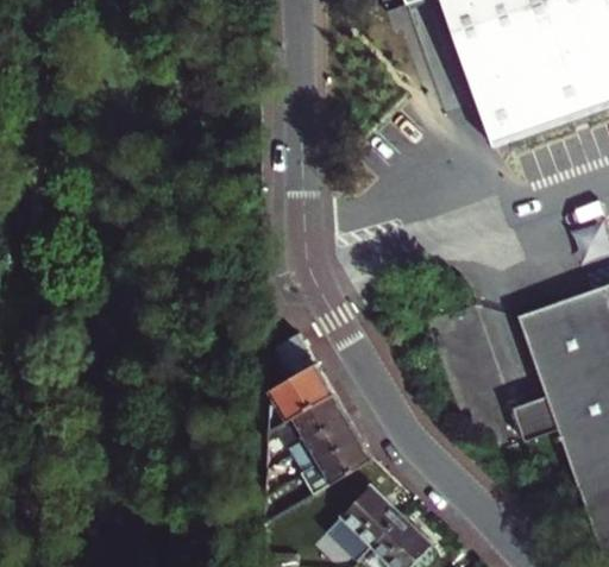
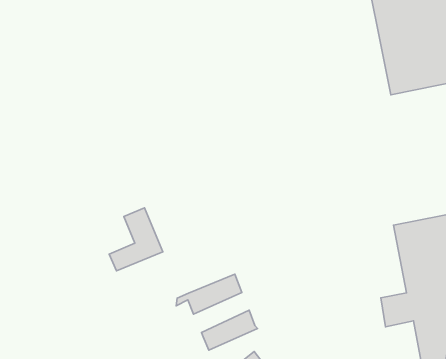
building: [269,344,334,426] -> [109,208,163,271]
building: [290,416,358,472] -> none

